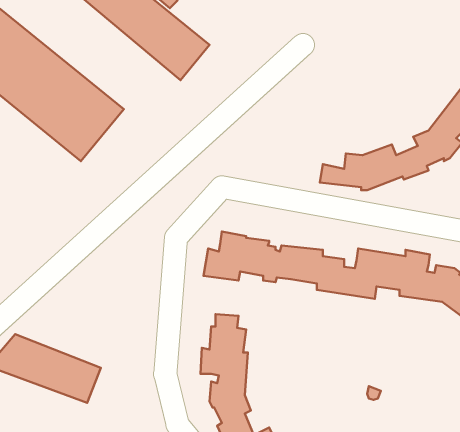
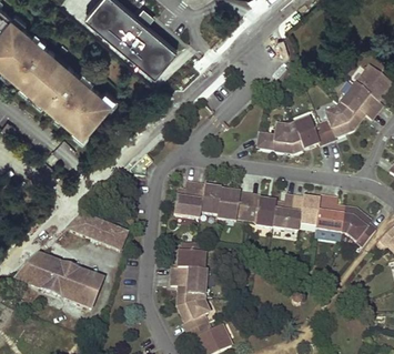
building: none -> [67,214,124,249]

